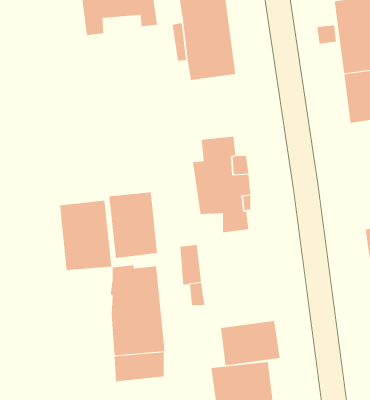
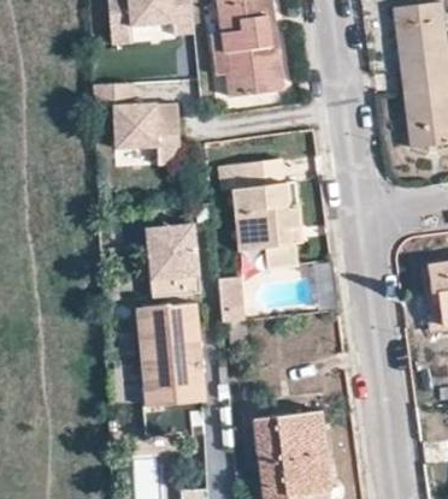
building: none -> [95,81,185,162]
building: [60,200,112,271] -> none
building: [221,320,280,366] -> none

